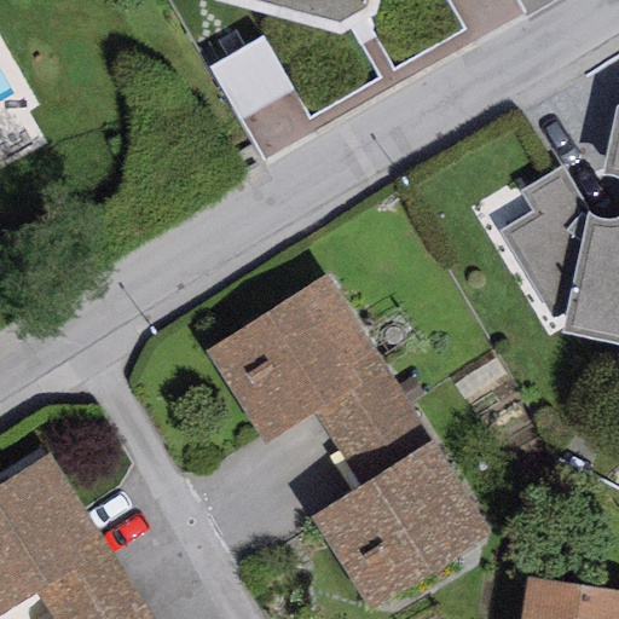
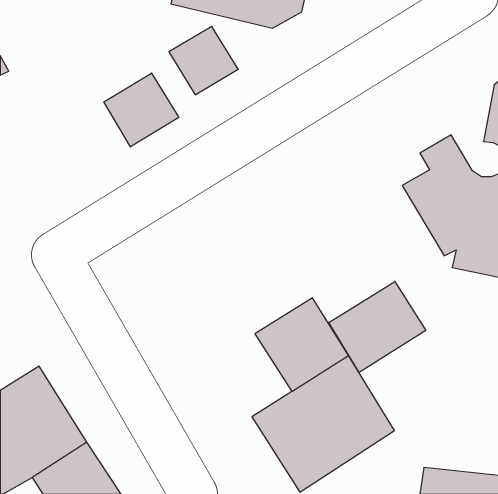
building: none -> [104,73,179,147]
building: [207,274,388,445] -> none
building: none -> [329,281,426,372]

